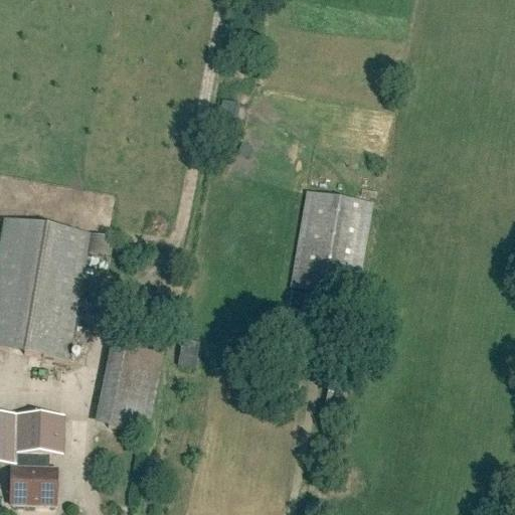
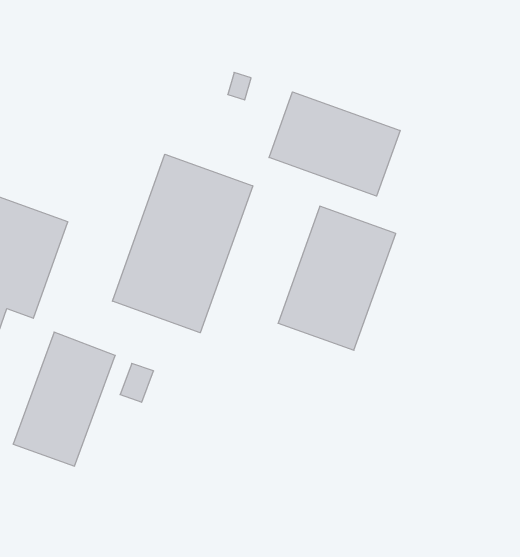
building: none -> [269,92,400,196]
building: none -> [112,154,253,333]

